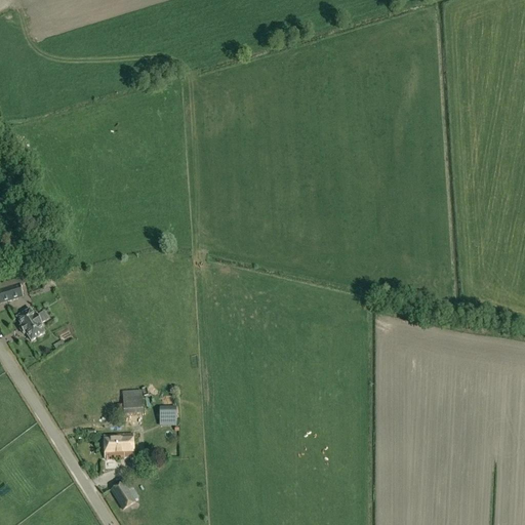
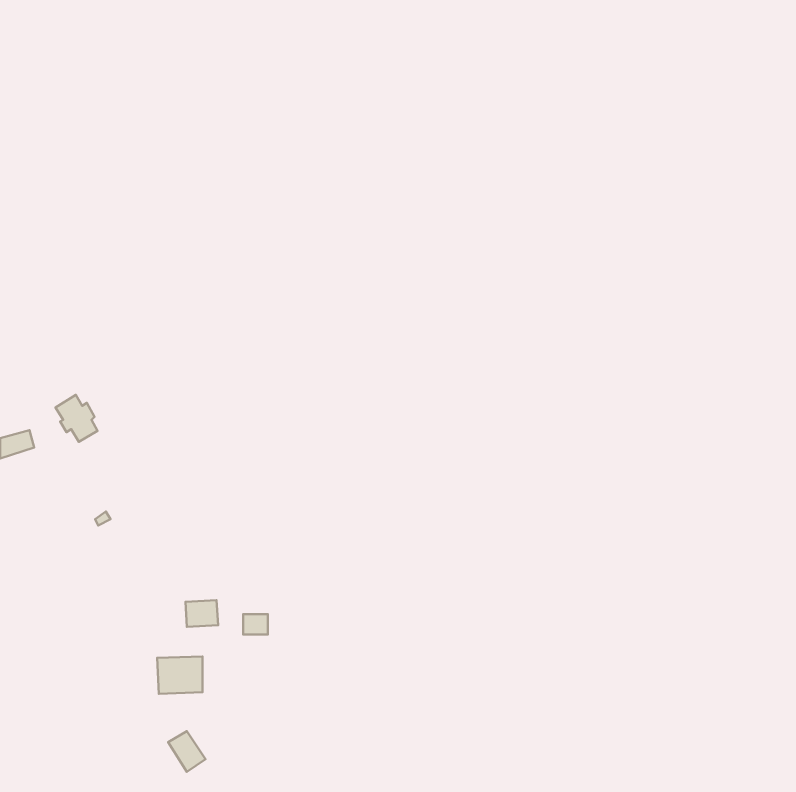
building: [17,309,45,339] -> [56,395,98,442]

